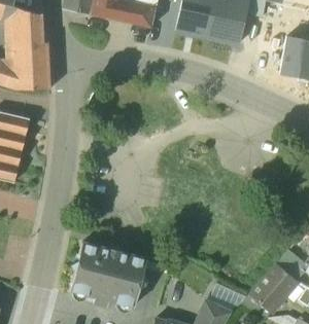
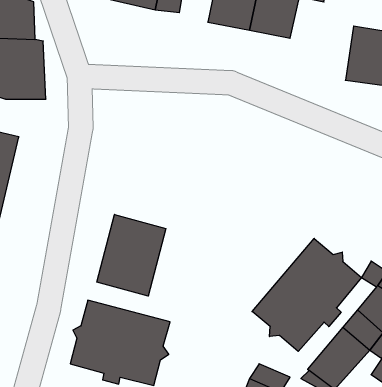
building: none -> [97,214,166,296]
building: none -> [252,238,362,351]

